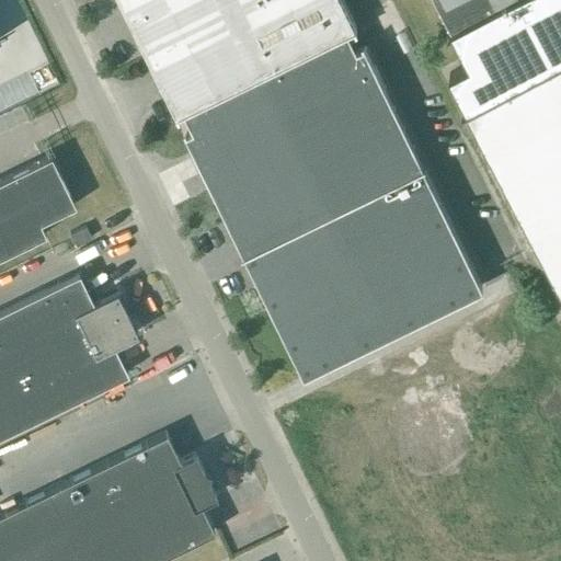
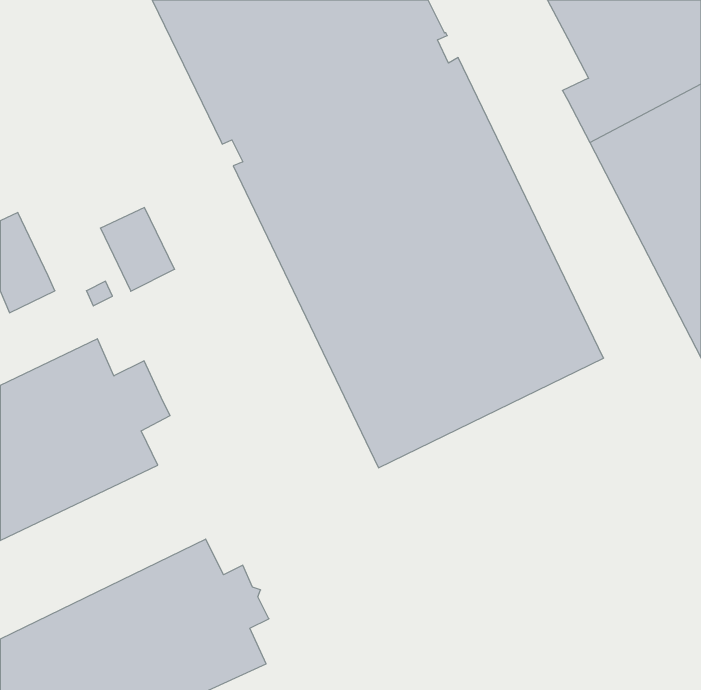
building: [14,162,73,229] -> [100,208,175,291]

